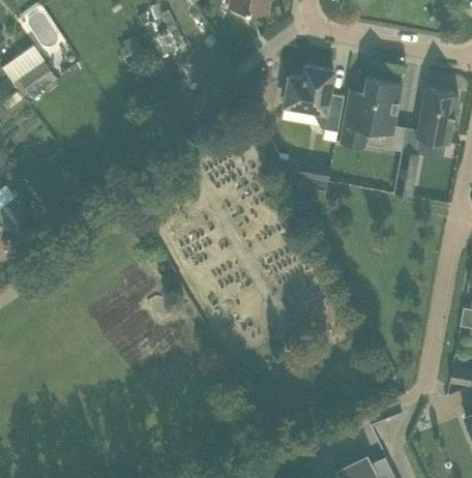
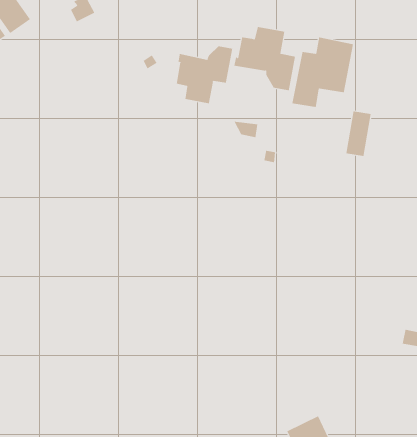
building: none -> [176,46,233,104]
building: [415,88,458,143] -> none

